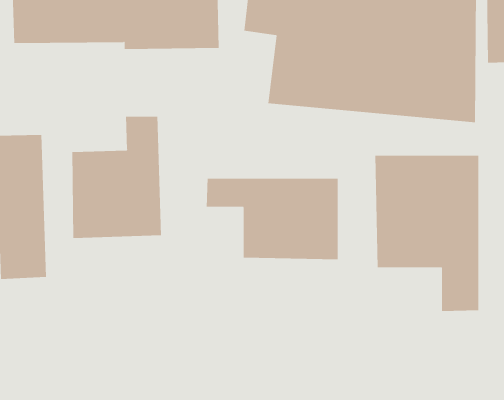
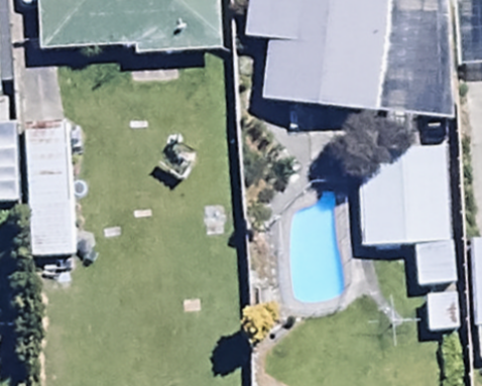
building: [72,116,162,239] -> none
building: [206,178,338,260] -> none

